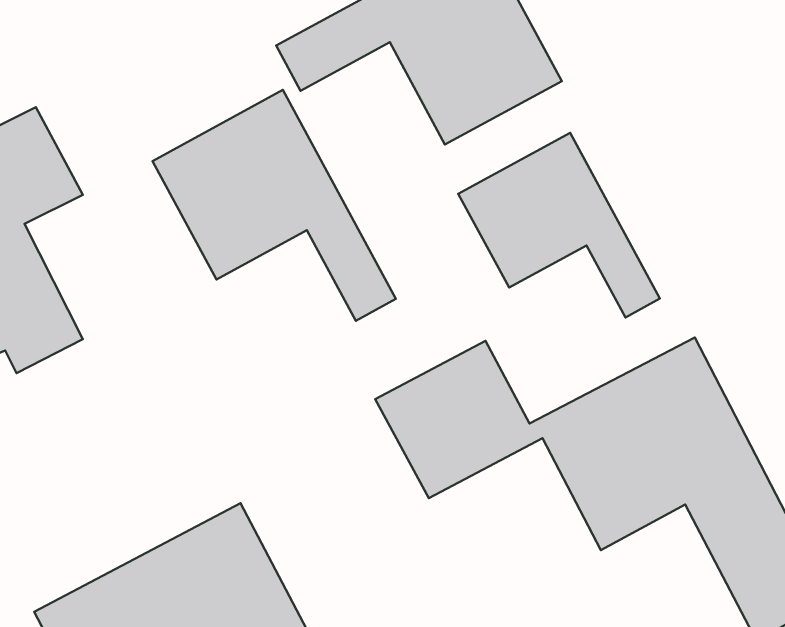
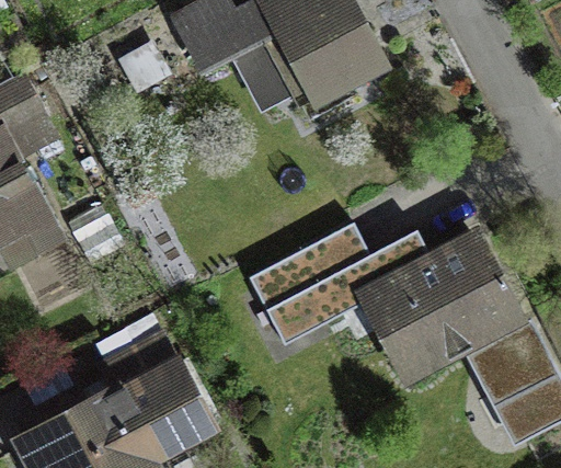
building: [152,90,396,321] -> none
building: [458,133,660,317] -> none

